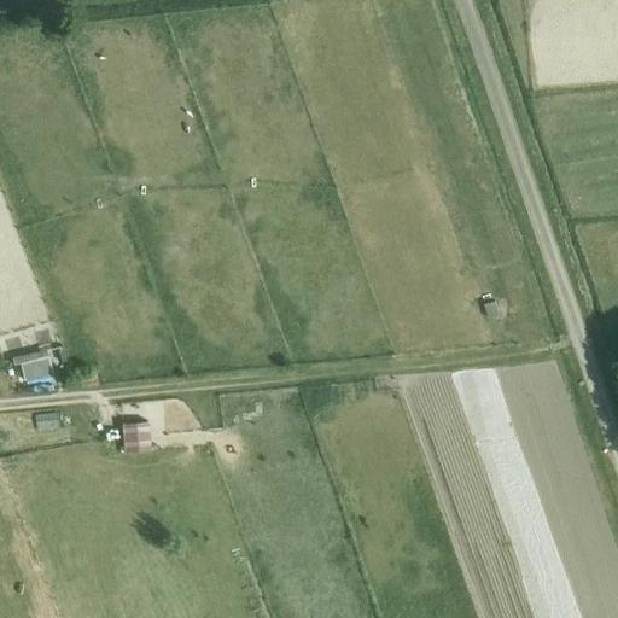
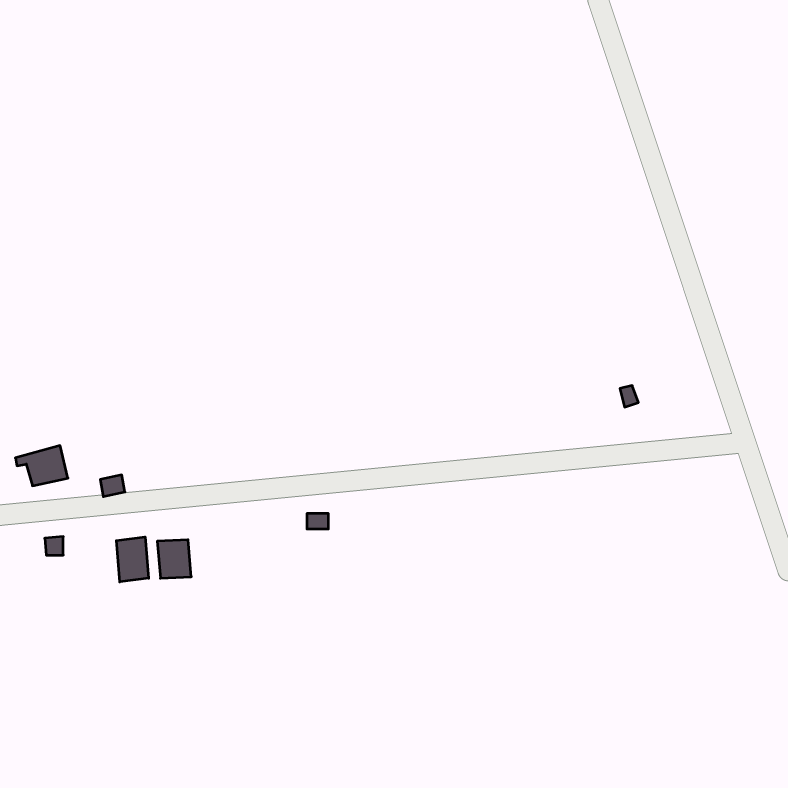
building: none -> [116,537,149,582]

